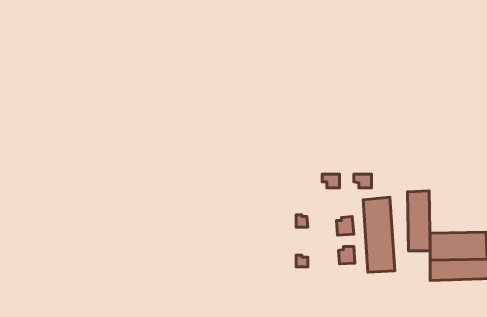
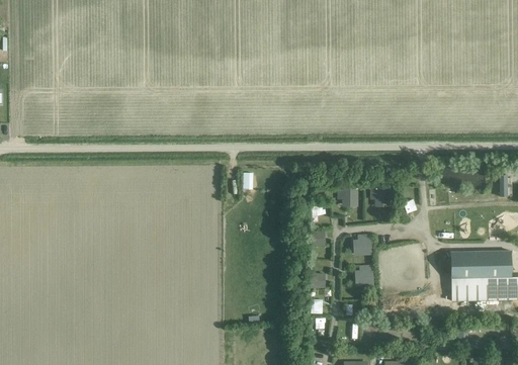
building: [407,191,430,251] -> none
building: [363,197,395,272] -> none

